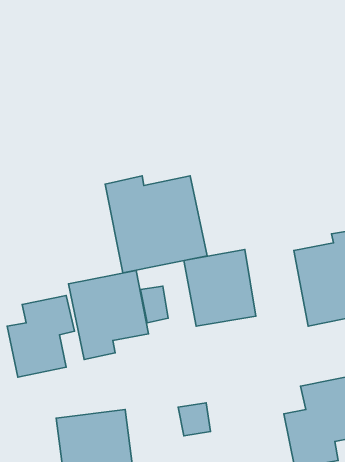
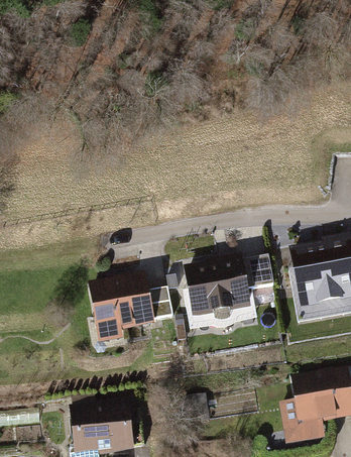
building: [105,176,207,273] -> none
building: none -> [244,251,274,287]
building: [7,295,74,377] -> none

